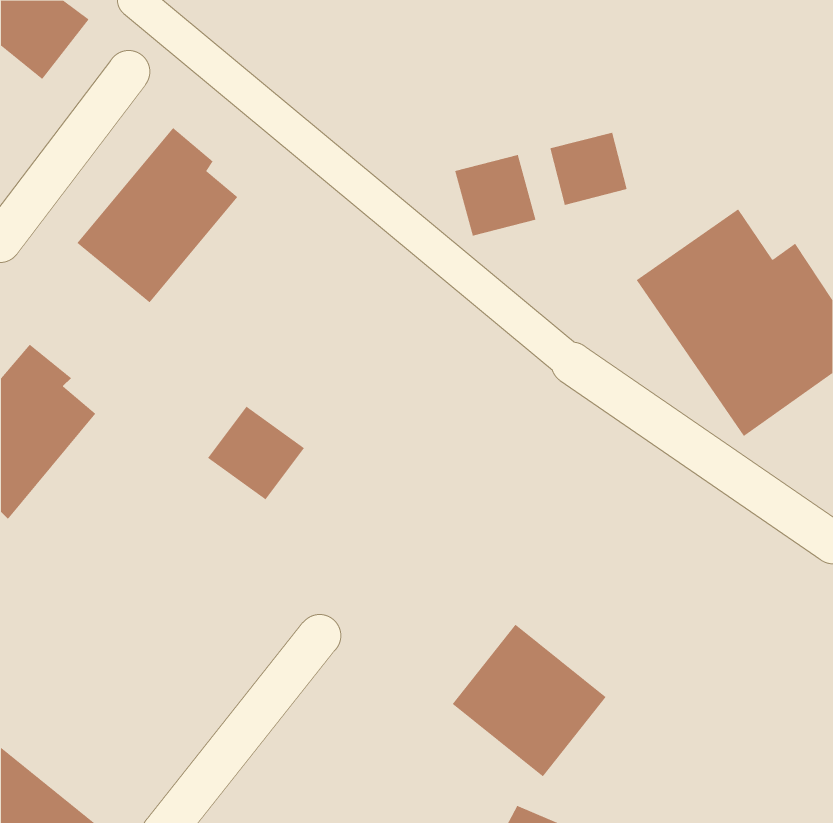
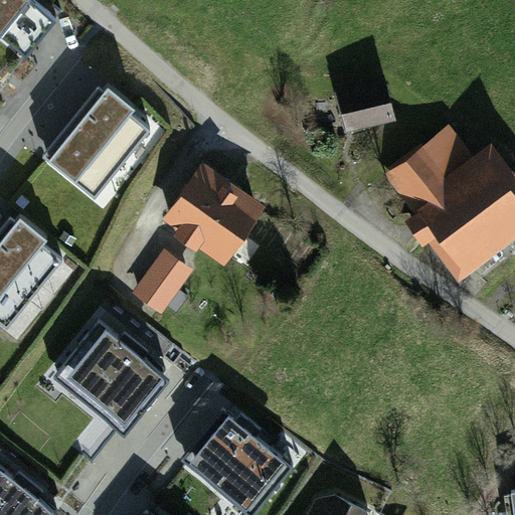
building: [454,154,536,236] -> none
building: none -> [169,179,256,266]
building: none -> [57,320,168,428]
building: [452,624,607,777] -> [189,415,285,510]

